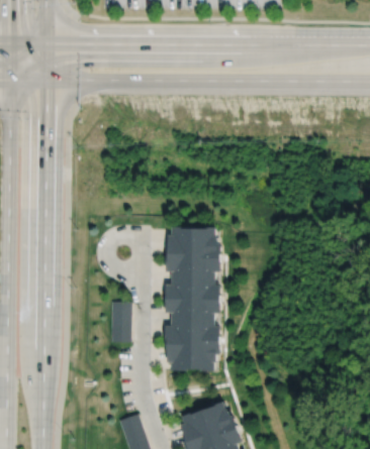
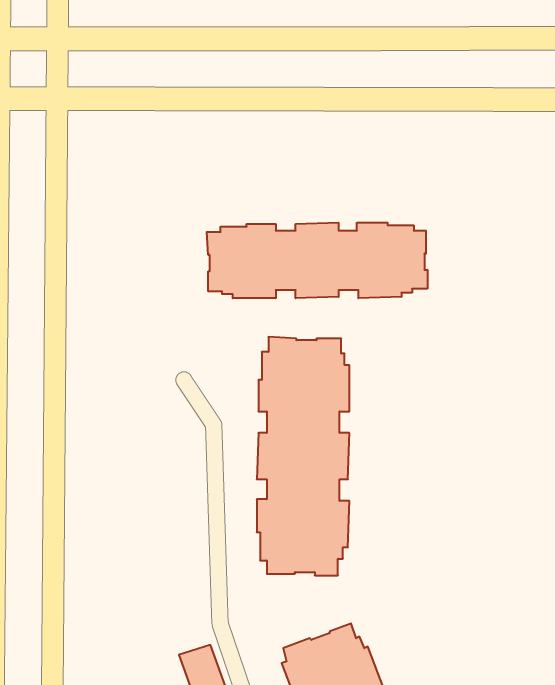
building: none -> [207,223,427,298]
building: [109,302,130,342] -> none

